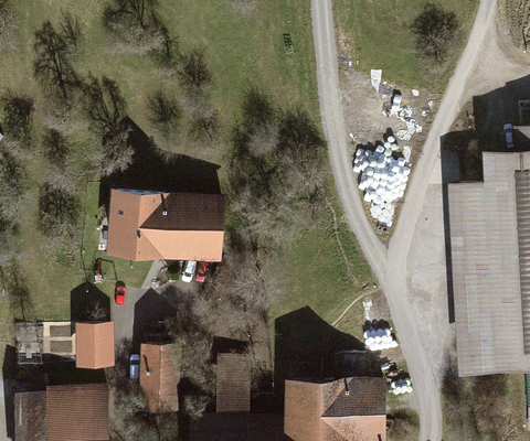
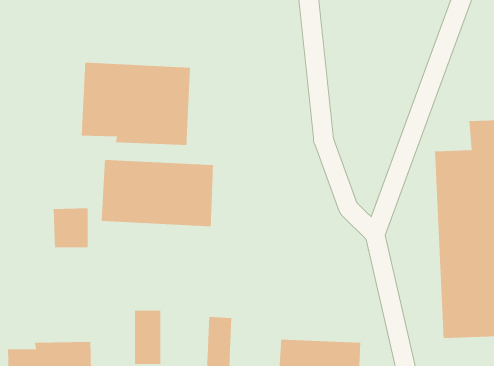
building: none -> [81,62,191,146]
building: [75,324,112,366] -> [53,207,88,248]

